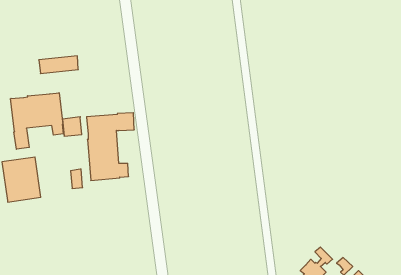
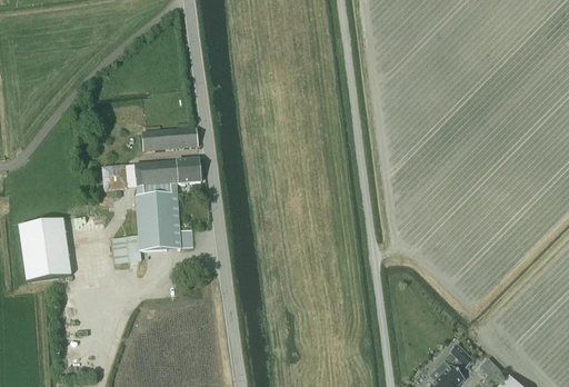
building: [39,56,78,74] -> [142,126,197,150]
building: [11,93,63,149] -> none

